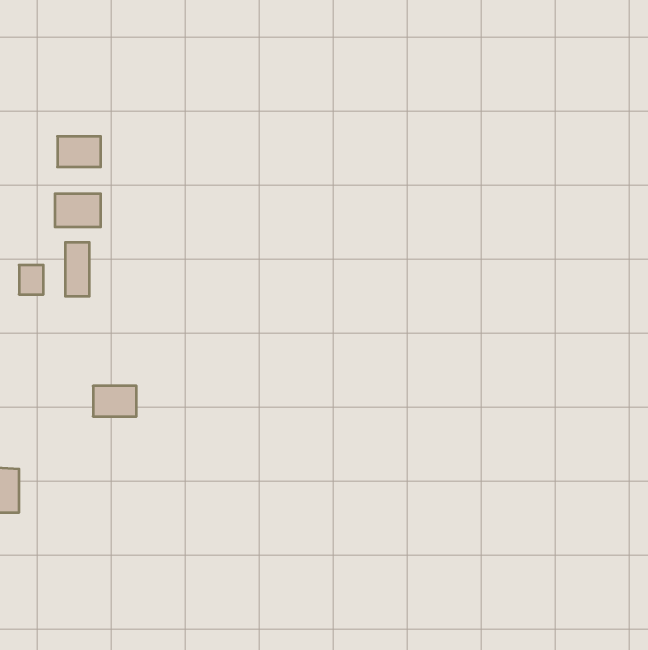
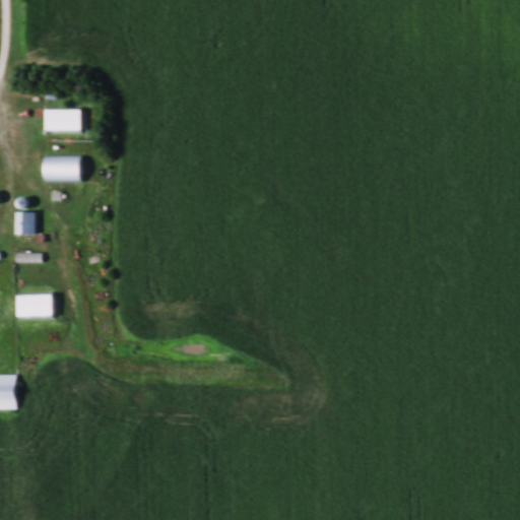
building: [65,242,89,296] -> none
building: [93,386,136,416] -> [18,294,53,318]

